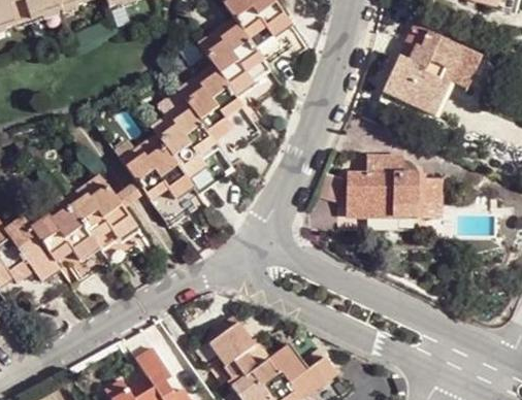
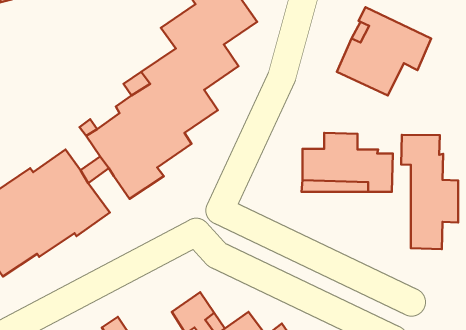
building: none -> [401,135,458,249]

